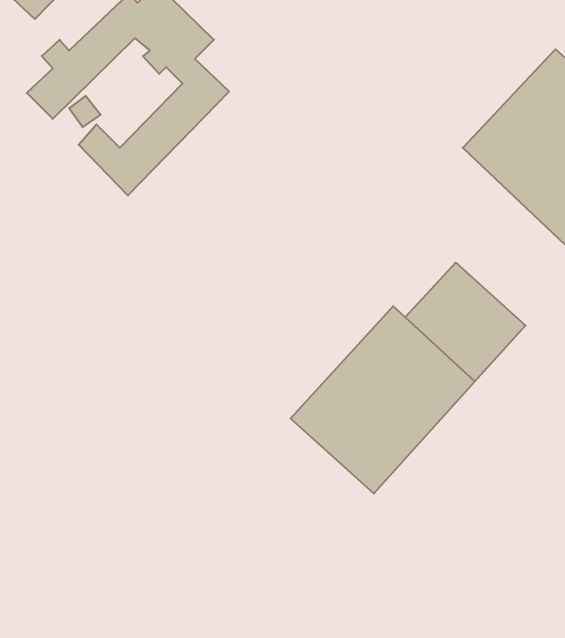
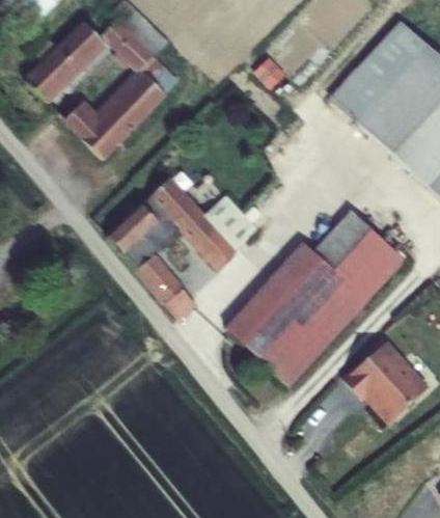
building: none -> [329,22,427,121]
building: none -> [107,173,255,317]
building: none -> [343,339,428,420]

